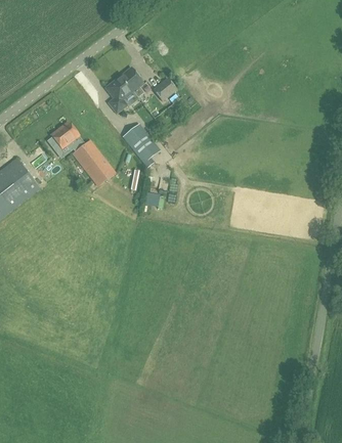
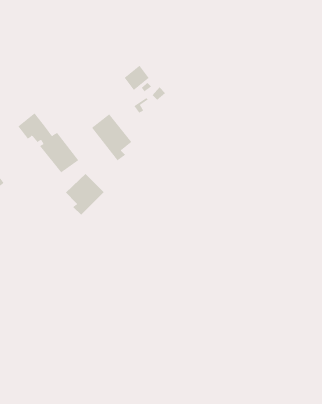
building: [105,68,143,114] -> none
building: none -> [65,173,105,215]

